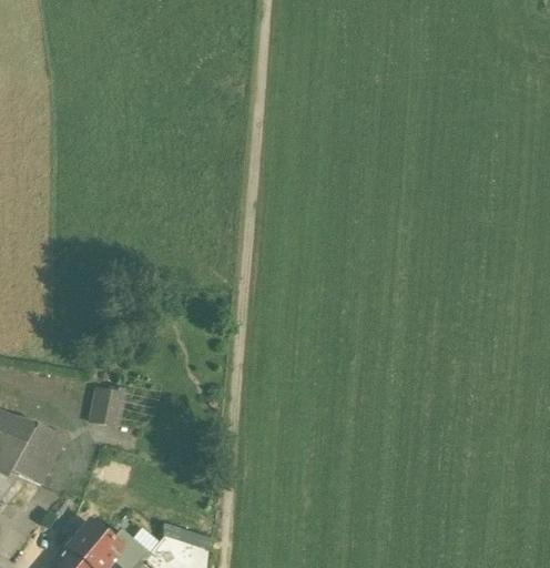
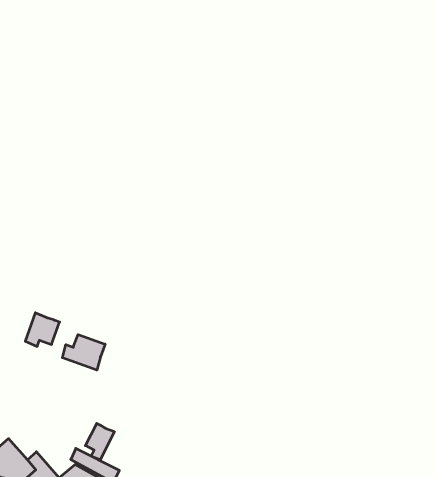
building: none -> [62,335,105,370]
building: none -> [85,423,114,460]

